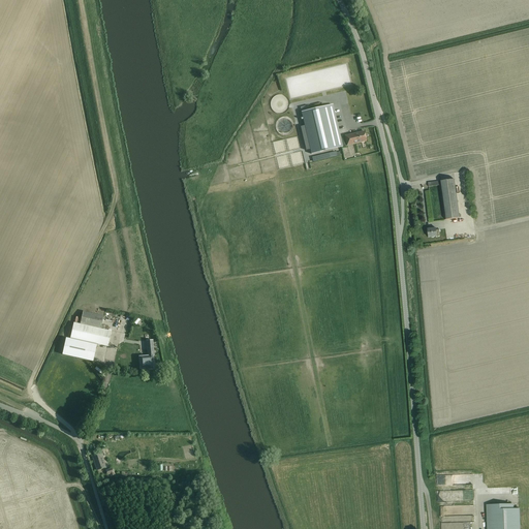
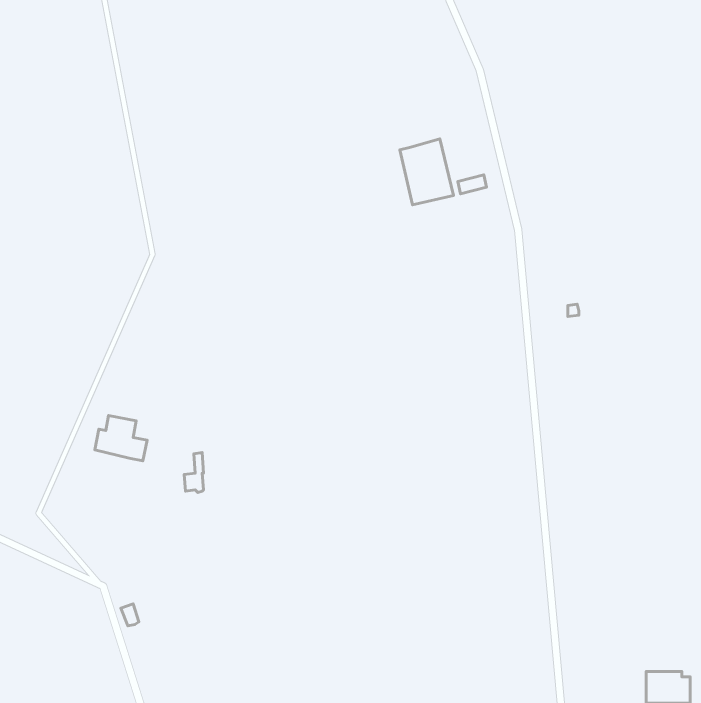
building: [427,179,458,220] -> none
building: [62,338,97,362] -> none

